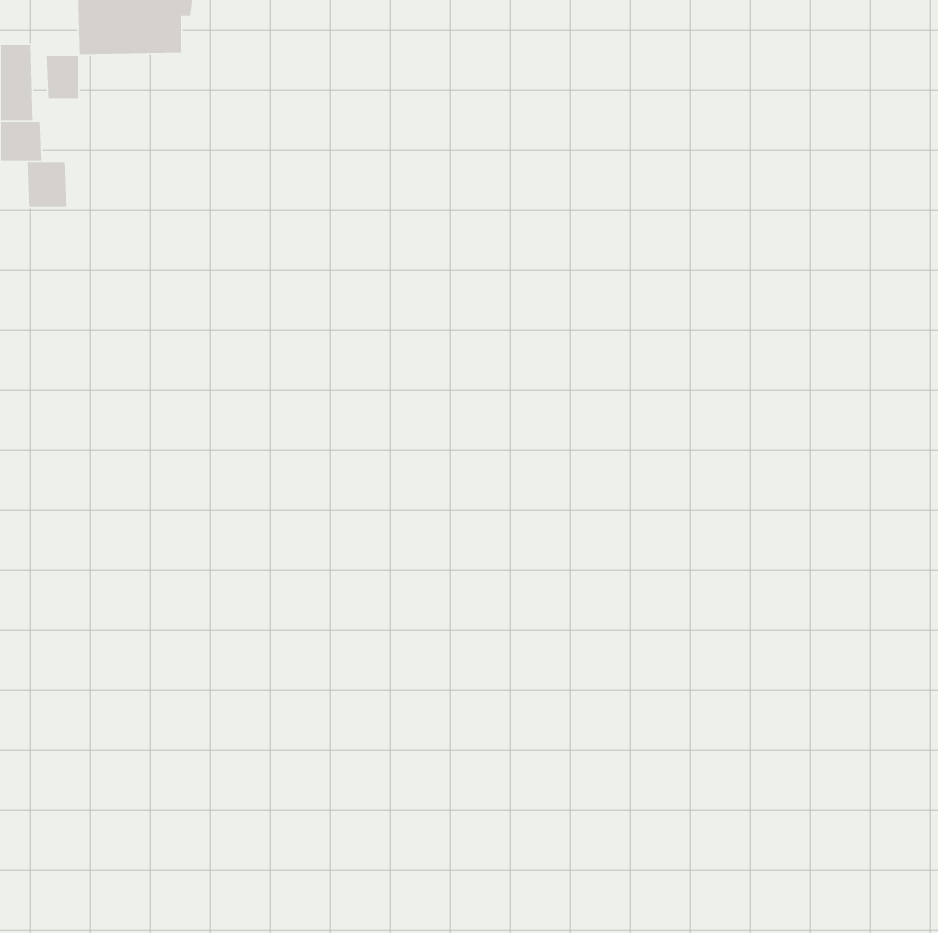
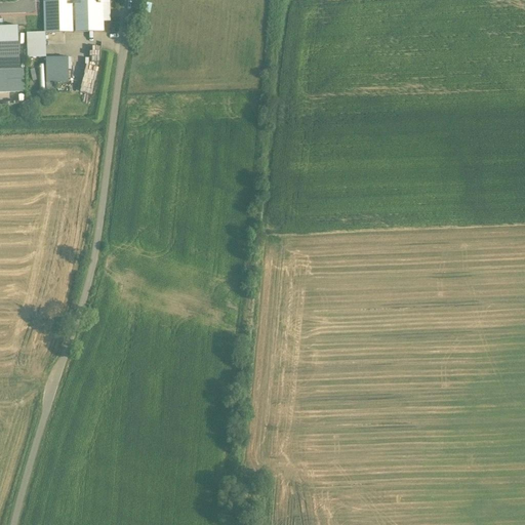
building: [27,162,67,208] -> [45,55,68,81]

